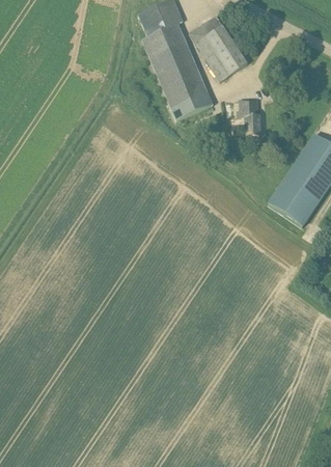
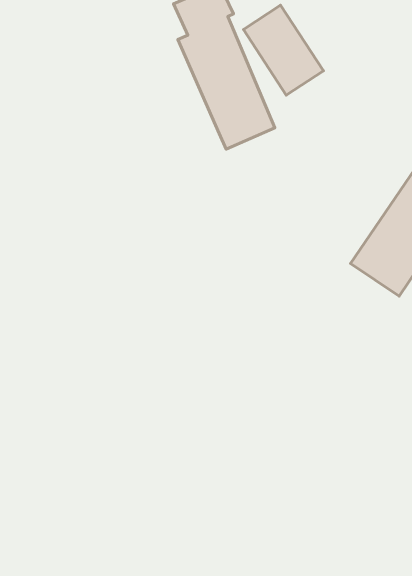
building: [240,97,261,135] -> none

